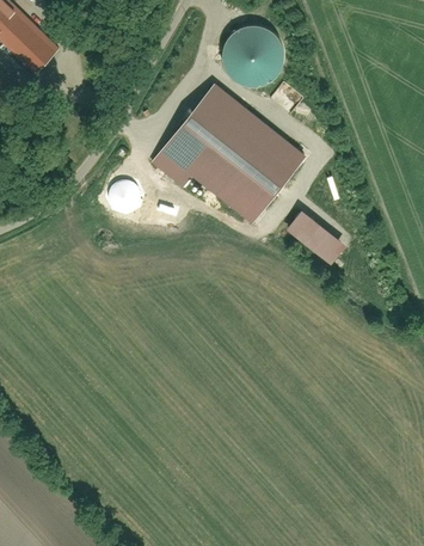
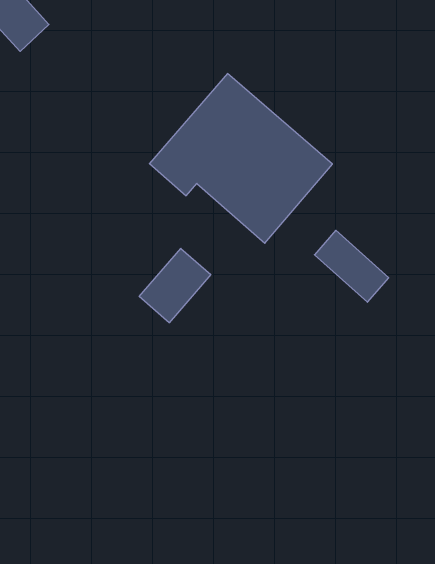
building: [229,27,294,87] -> none
building: none -> [139,248,211,323]

